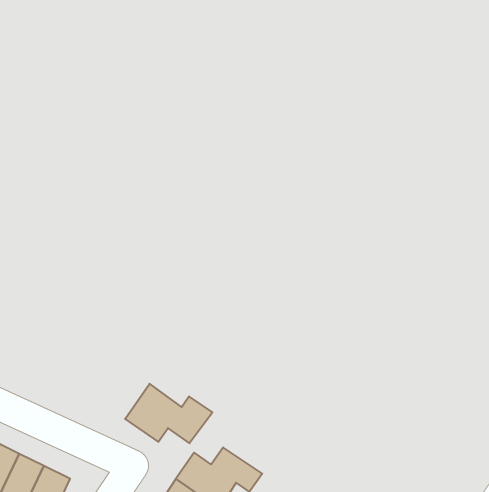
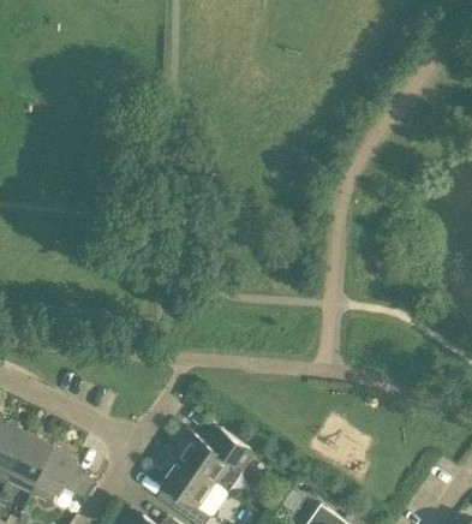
building: [125,384,212,443] -> none

